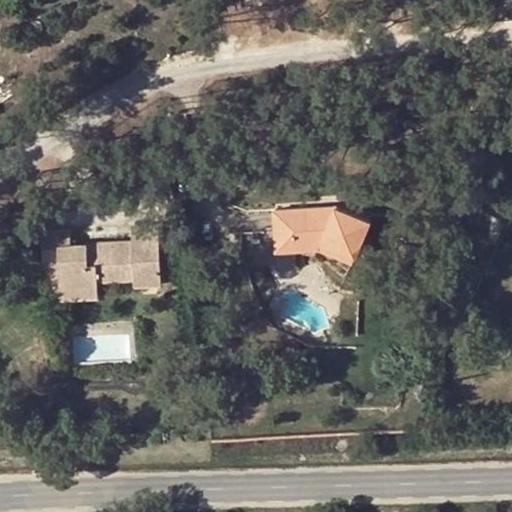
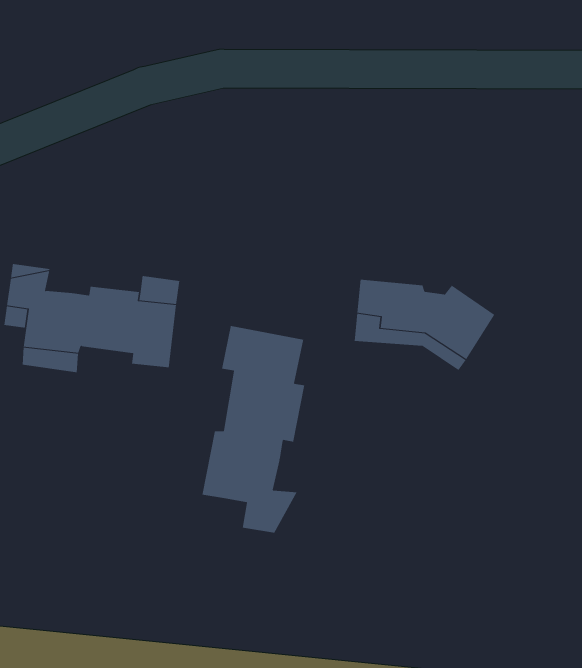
building: none -> [202,325,305,534]

